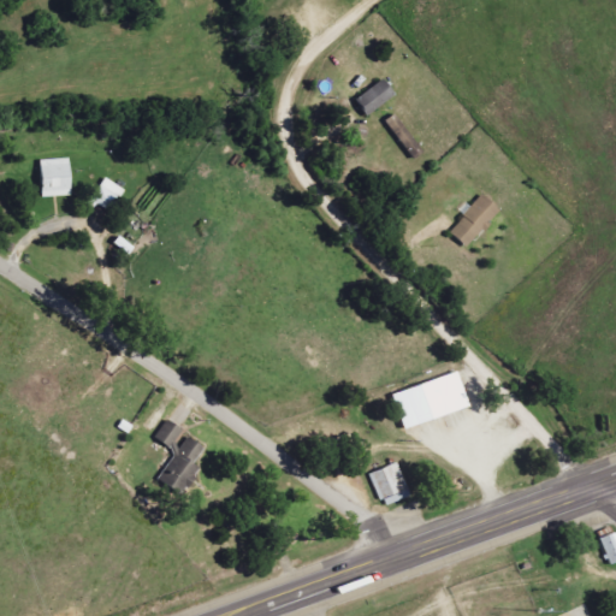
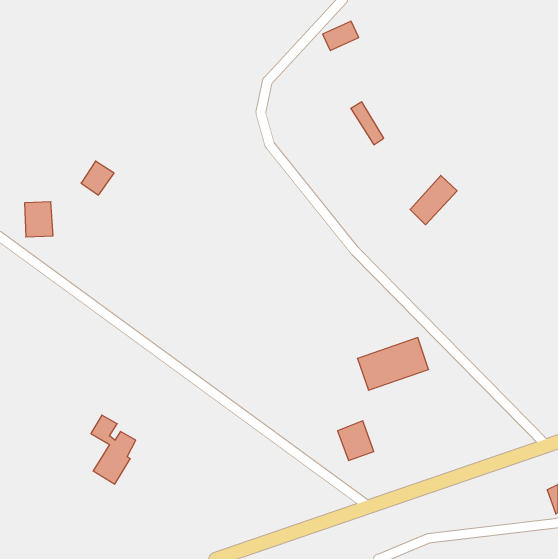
building: [356,79,396,112] -> [323,21,359,51]
building: [41,158,72,196] -> [25,202,53,237]
building: [154,417,203,493] -> [91,415,136,484]

